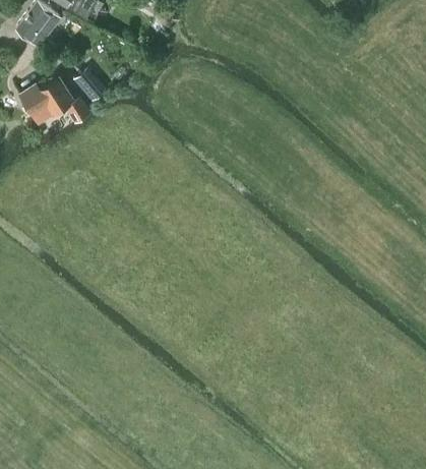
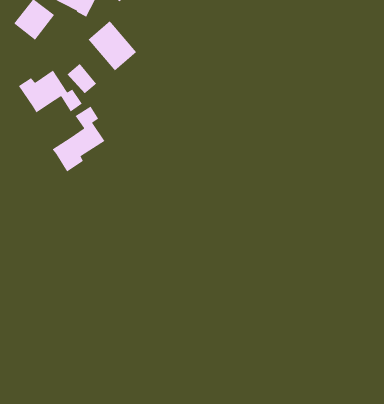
building: none -> [88,20,137,71]
building: none -> [51,105,105,173]

